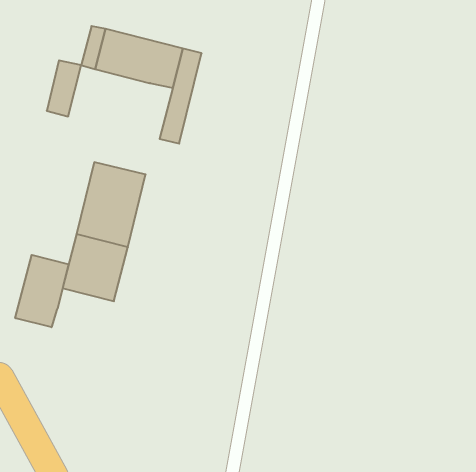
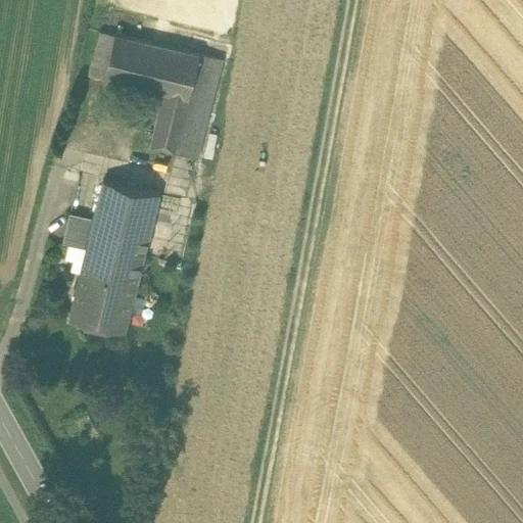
building: [47,60,81,116] -> [151,96,189,157]
building: none -> [62,216,91,250]
building: [15,255,69,327] -> none

